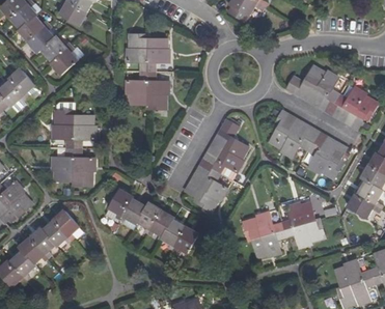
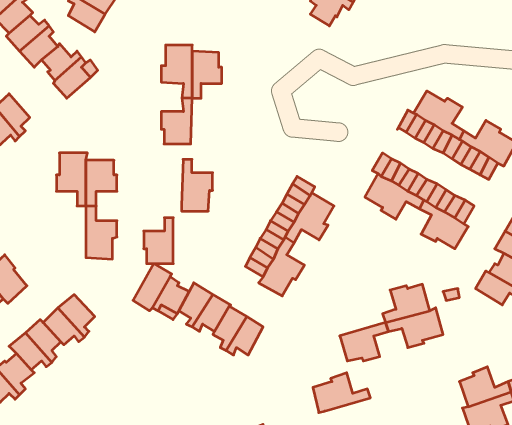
building: [146,72,168,108] -> [182,159,213,211]
building: [52,147,73,179] -> [144,218,173,264]
building: [243,212,283,240] -> [313,373,370,413]

